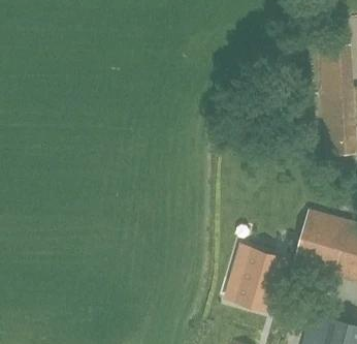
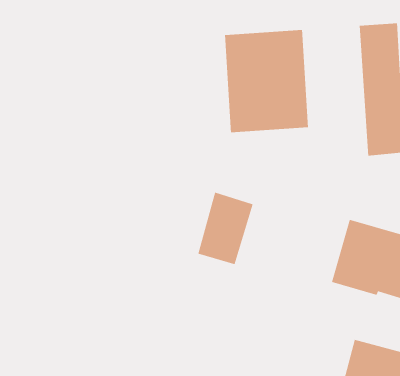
building: none -> [224,29,309,133]
building: [234,248,282,310] -> [198,192,253,265]

